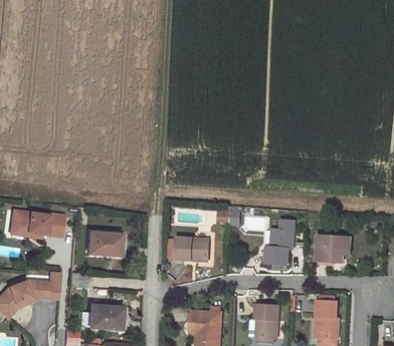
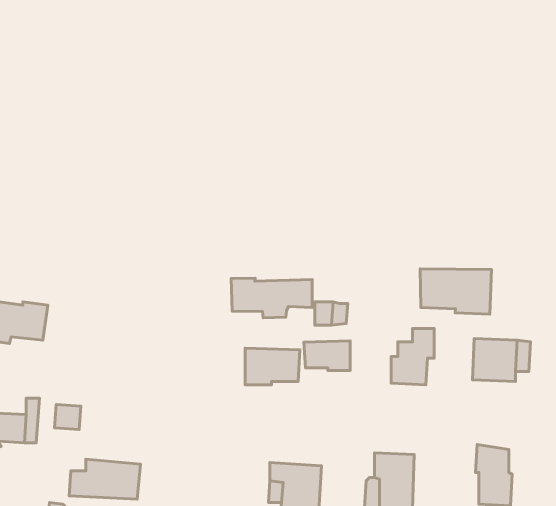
building: none -> [420,269,491,314]
building: none -> [231,278,312,318]
building: [88,231,125,259] -> none
building: none -> [304,341,350,371]

